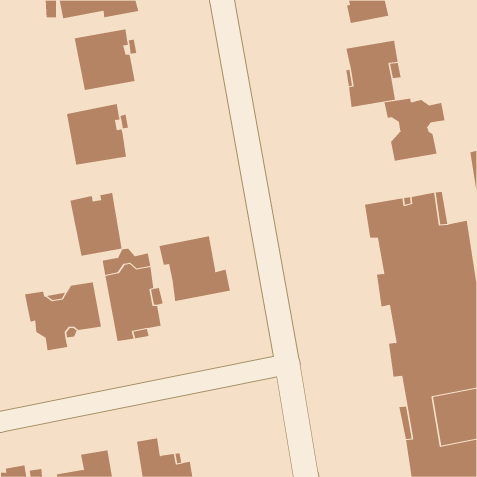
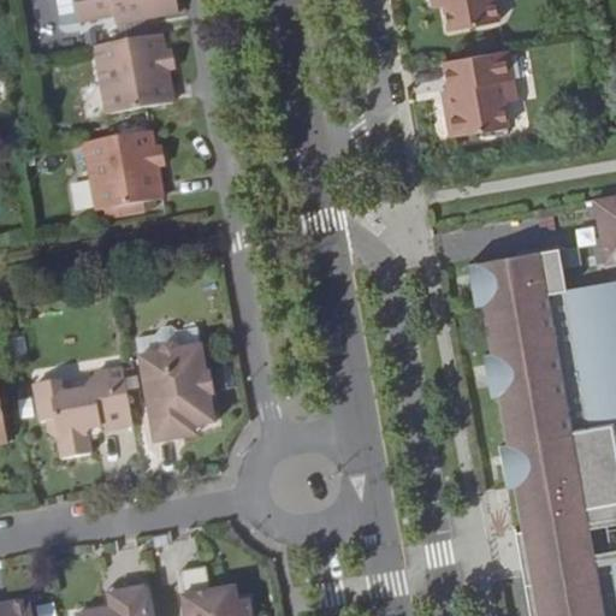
building: [384,98,445,161] -> none
building: [70,192,122,257] -> none
building: [159,236,230,302] -> none

